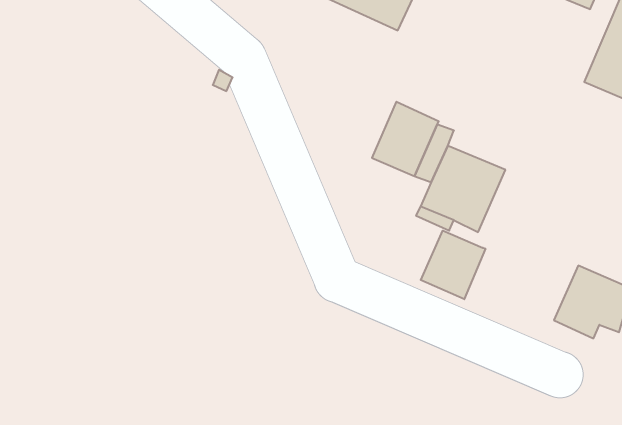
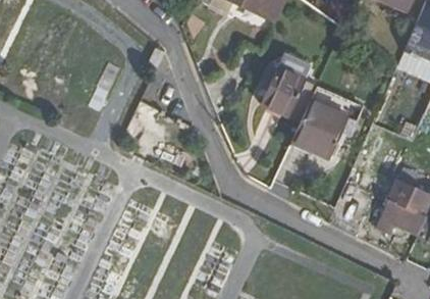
building: [421,231,485,299] -> none

